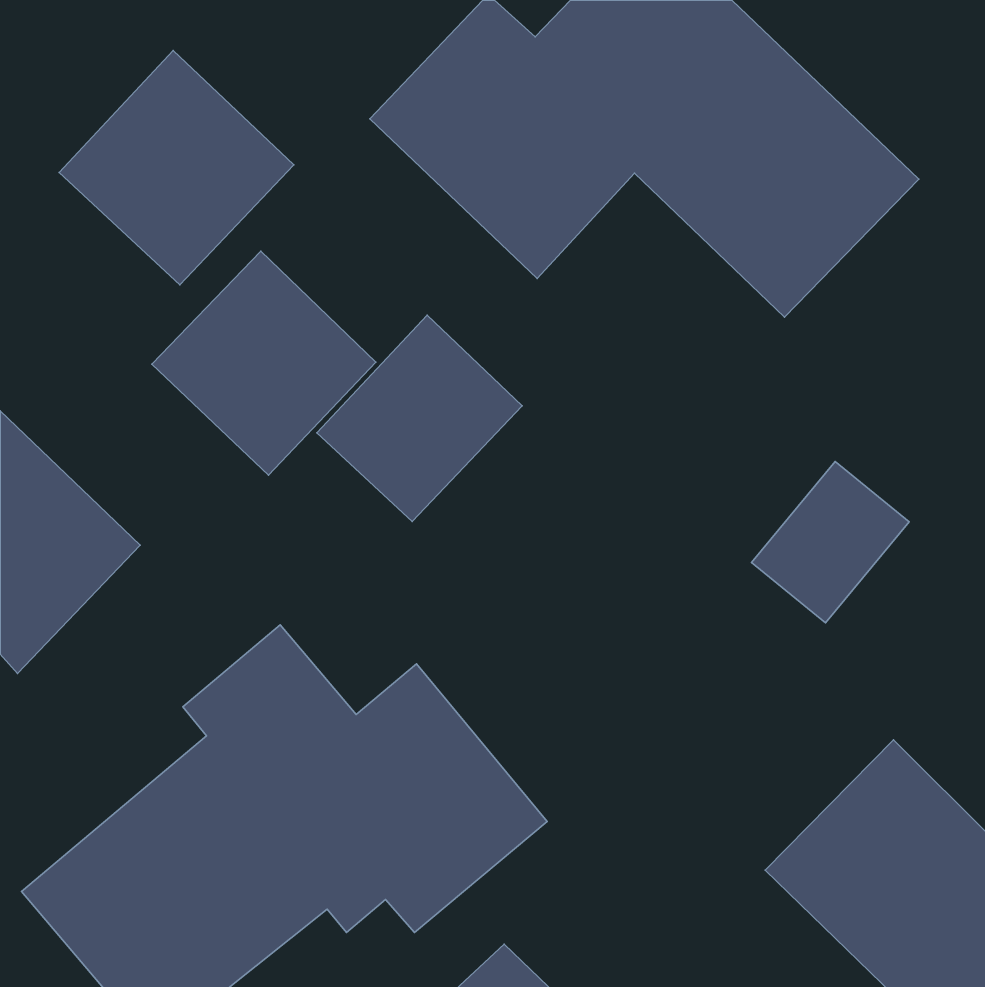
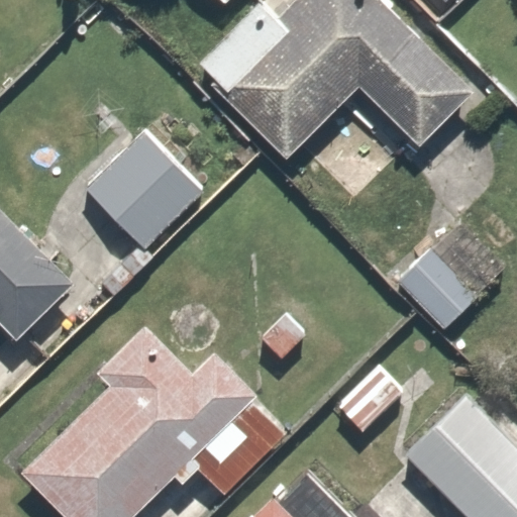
building: [59,50,294,285] -> none
building: [317,315,522,522] -> none

